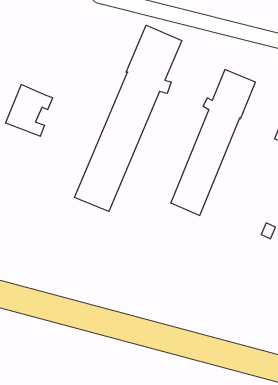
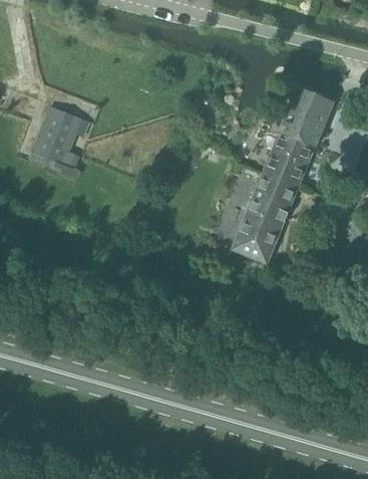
building: [75,25,182,211] -> none

